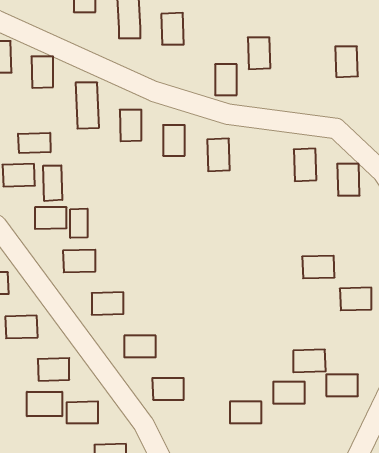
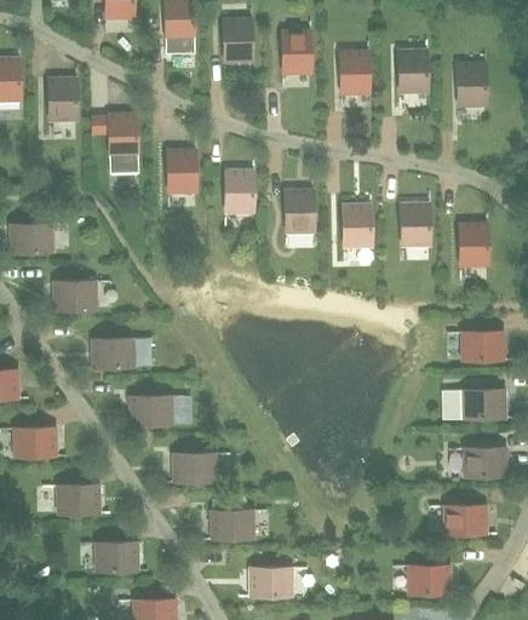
building: none -> [398,52,429,94]
building: [215,64,237,95] -> [282,34,311,75]
building: [18,133,50,153] -> none
building: none -> [343,203,372,247]
building: [43,165,62,201] -> none
building: [70,209,87,238] -> none
building: [302,256,335,278] -> [461,331,505,361]
building: [293,350,326,372] -> [464,447,507,477]
building: [273,382,305,404] -> [408,564,450,593]
building: [27,392,62,416] -> none
building: [230,402,261,423] -> [249,567,292,596]

